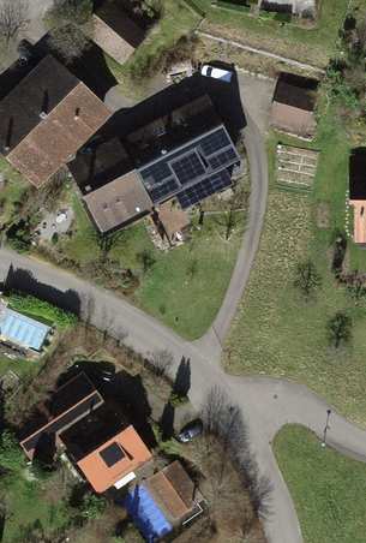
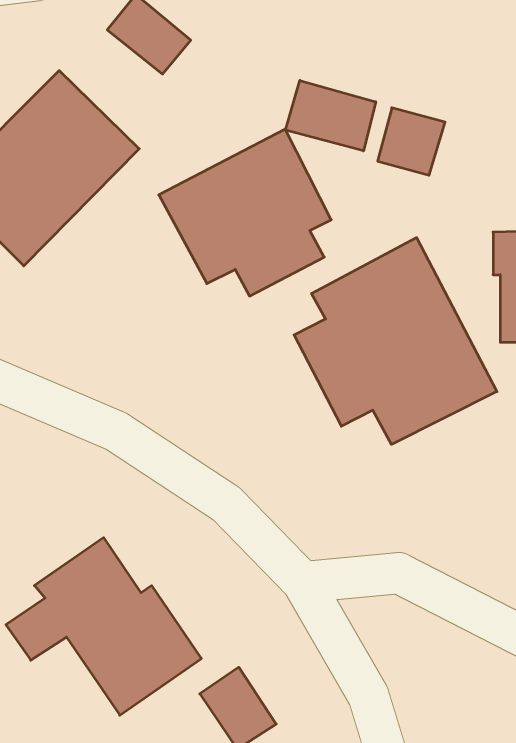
building: none -> [286,80,376,151]
building: [72,144,155,231] -> none
building: none -> [294,238,497,444]

